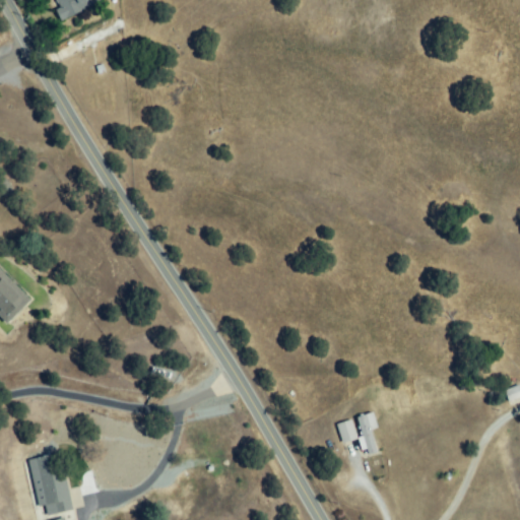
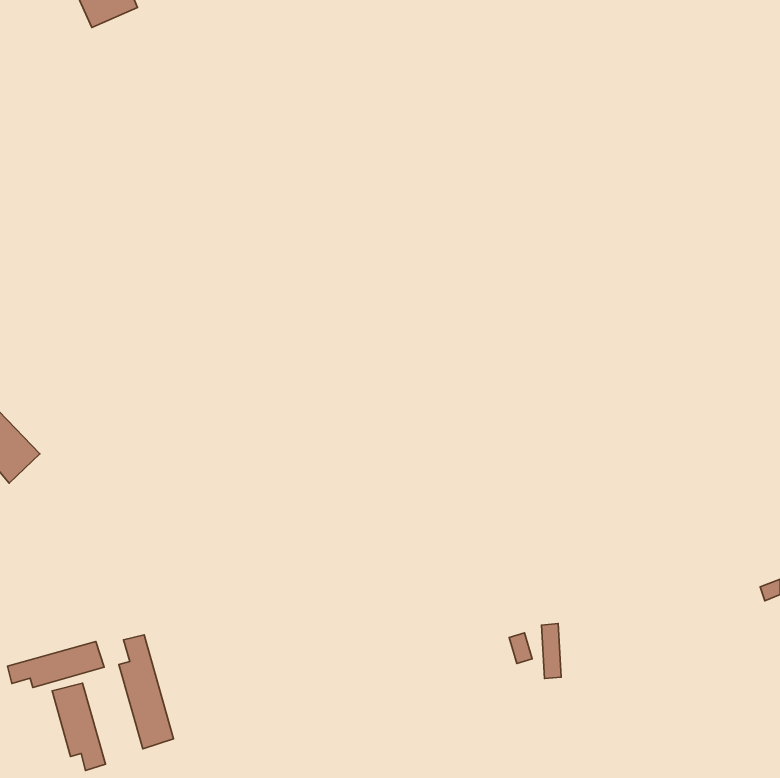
building: none -> [119,635,174,749]
building: none -> [8,641,104,688]

